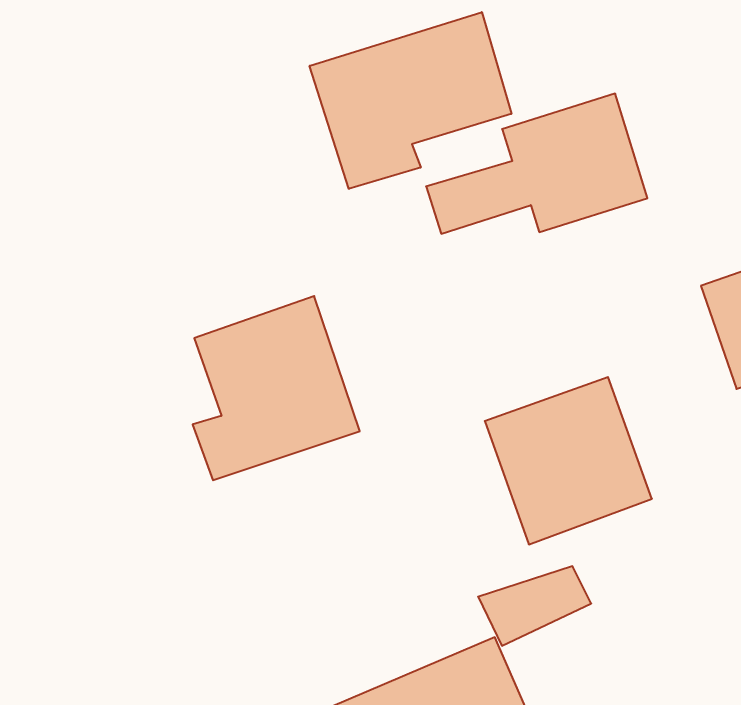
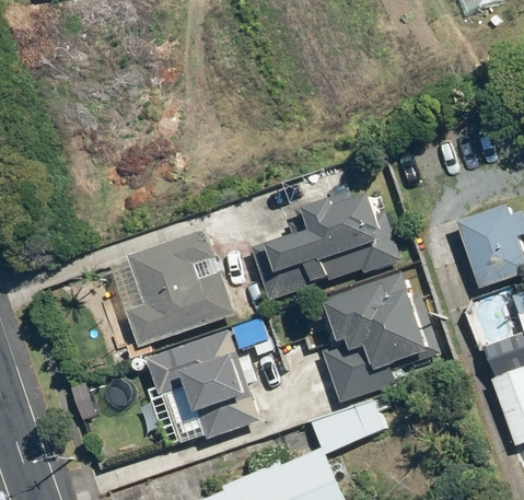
building: [310,12,511,189] -> none
building: [426,94,647,234] -> [252,193,395,283]
building: none -> [145,328,260,439]

